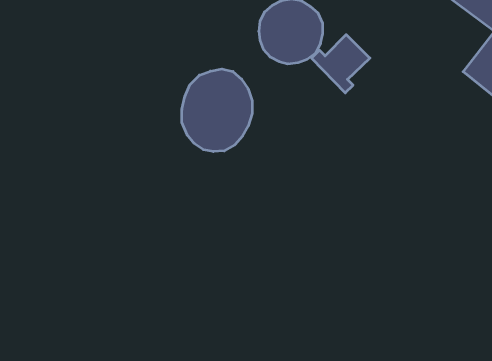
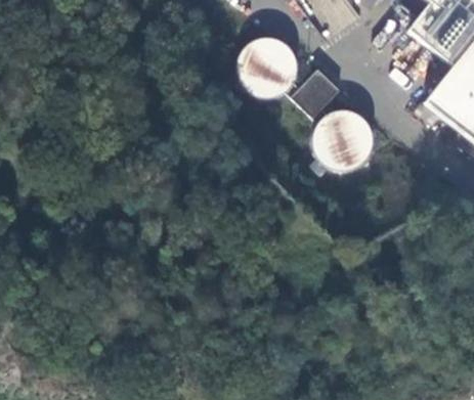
building: [182,69,252,152] -> none
building: none -> [315,108,375,168]

